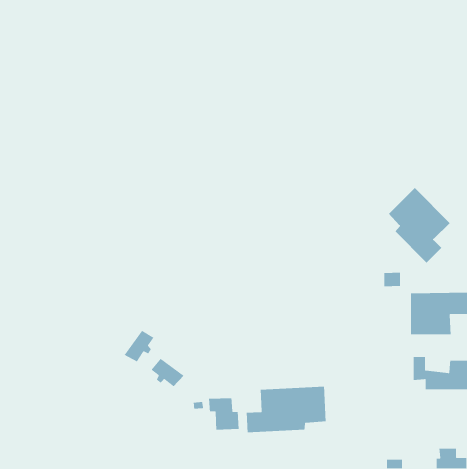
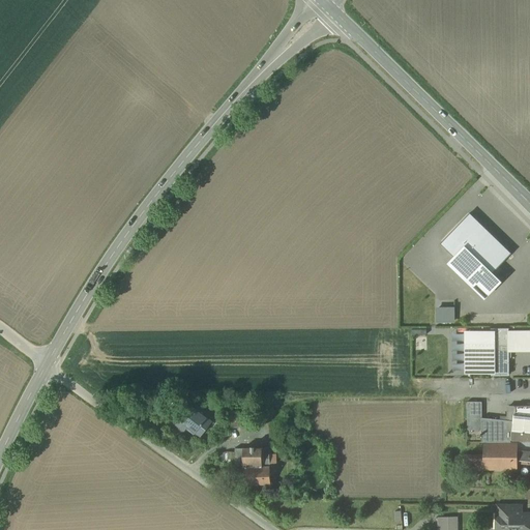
building: [124,330,155,363] -> none
building: [246,386,327,433] -> none
building: none -> [483,446,516,471]

